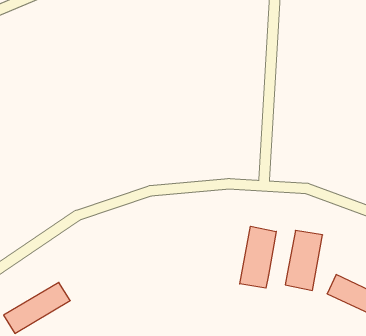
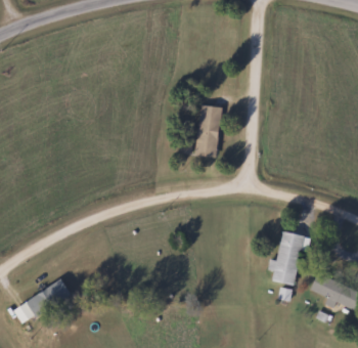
building: none -> [194,104,222,157]
building: [240,226,276,288] -> none

